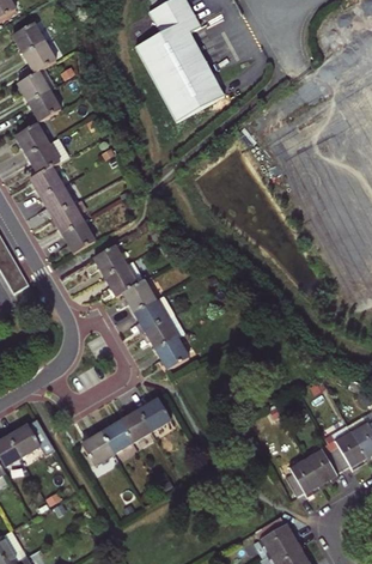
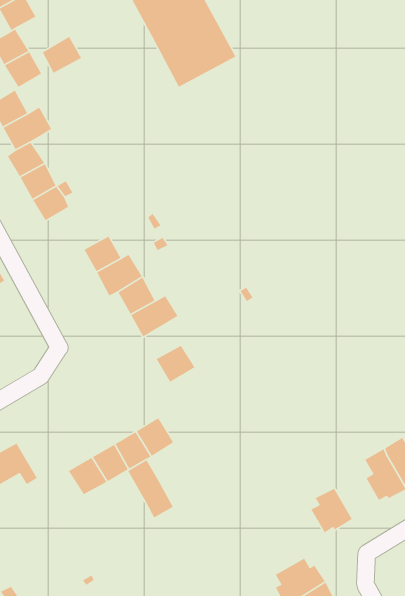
building: none -> [42,36,82,74]
building: [62,222,94,253] -> none
building: [145,314,185,350] -> none
building: none -> [127,459,174,519]
building: [306,449,343,485] -> none

